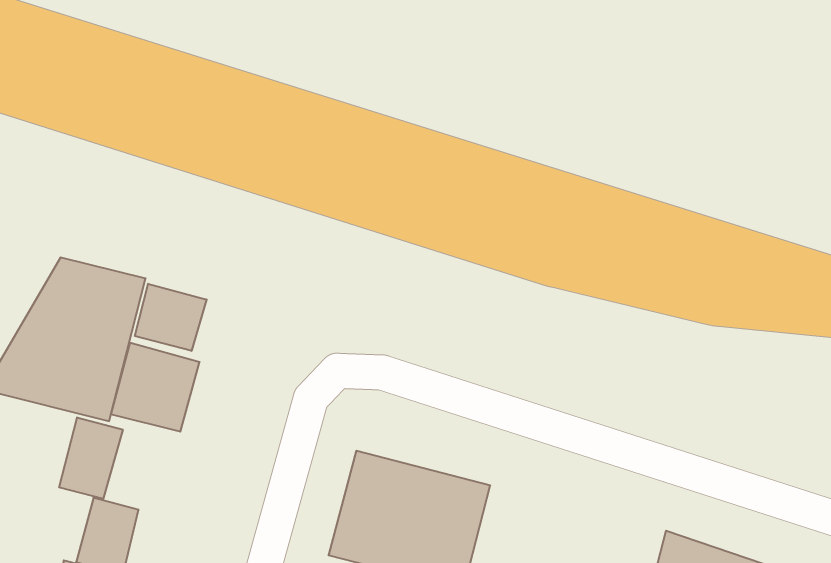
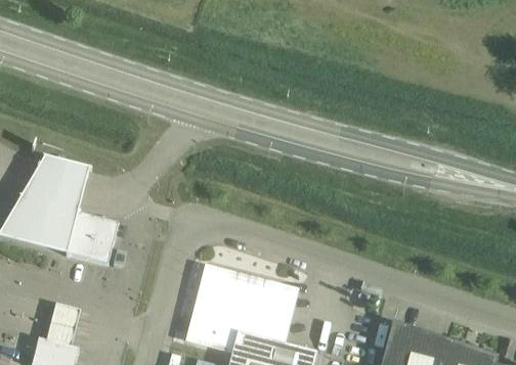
building: [135,284,207,351] -> none
building: [59,417,123,499] -> none

